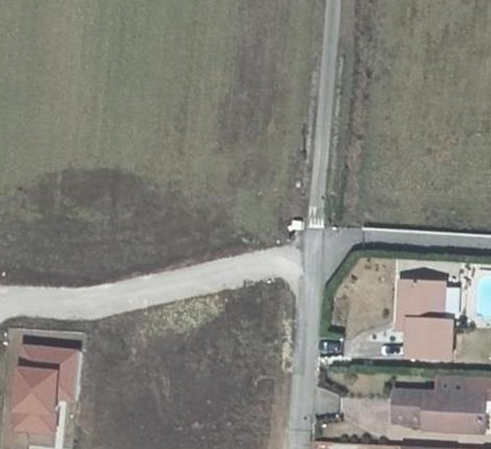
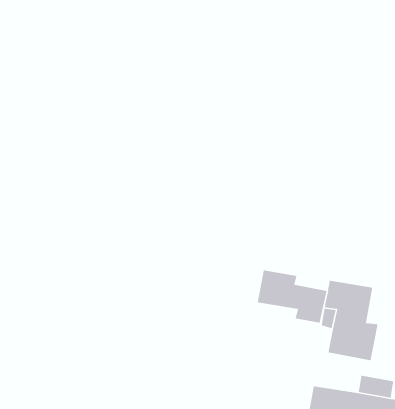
building: none -> [257,269,327,324]

